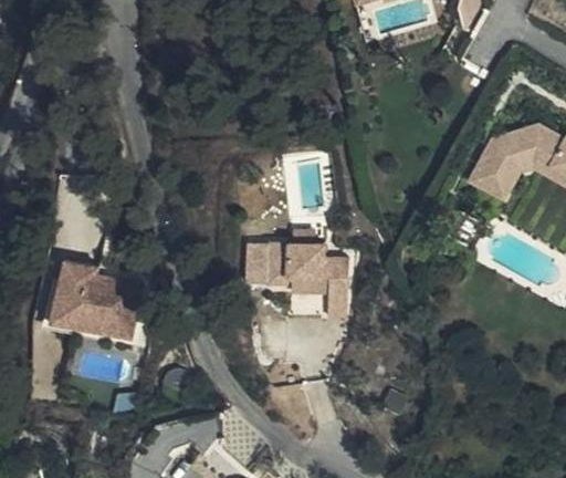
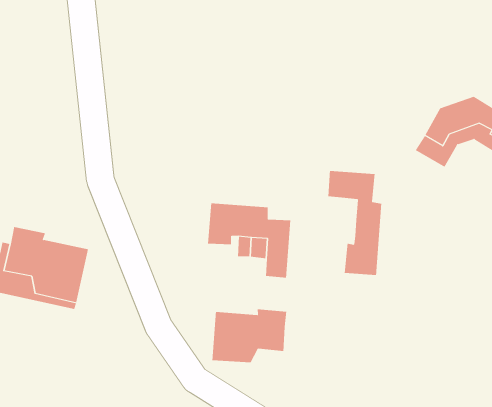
building: none -> [328,170,382,276]
building: none -> [212,309,287,363]

